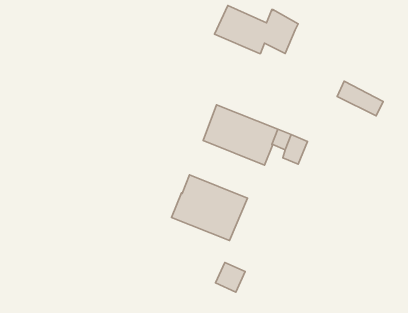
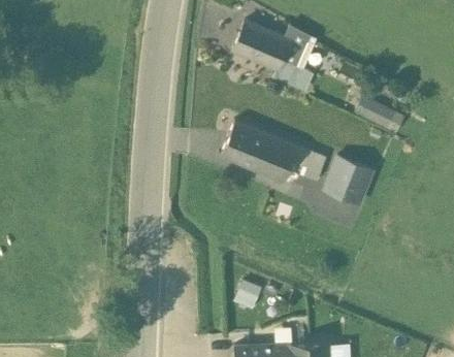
building: none -> [274,60,313,91]
building: none -> [326,158,374,204]
building: [171,175,247,241] -> none

